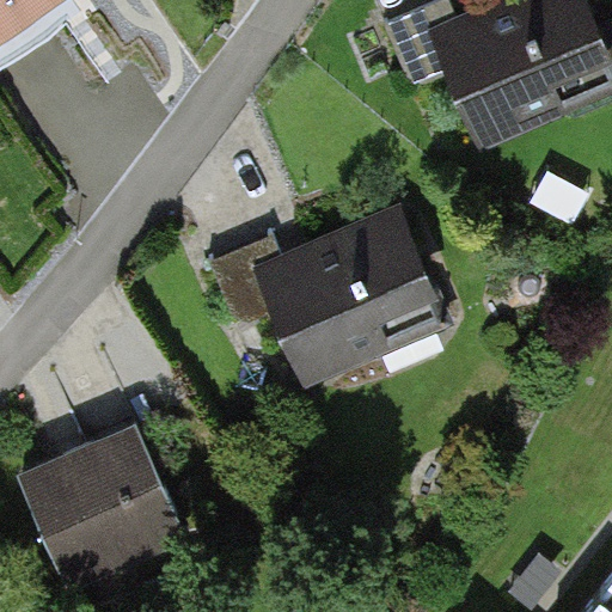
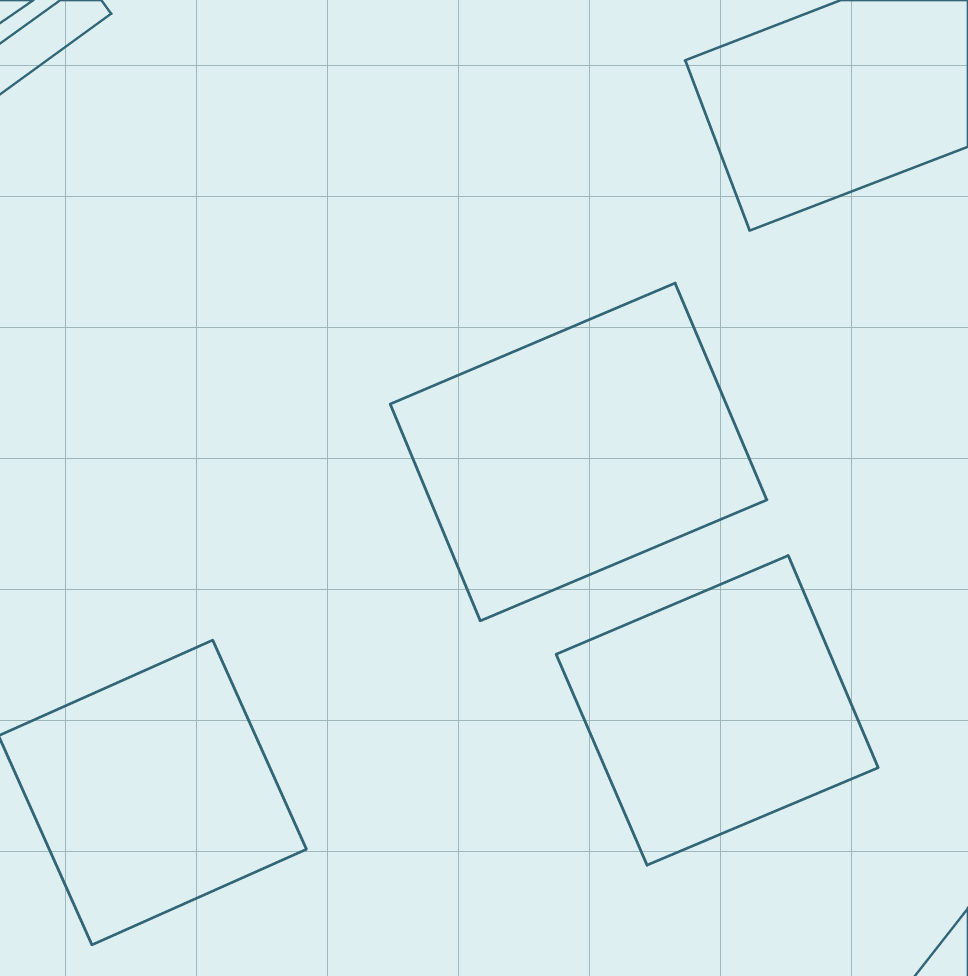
building: none -> [556,555,878,865]

